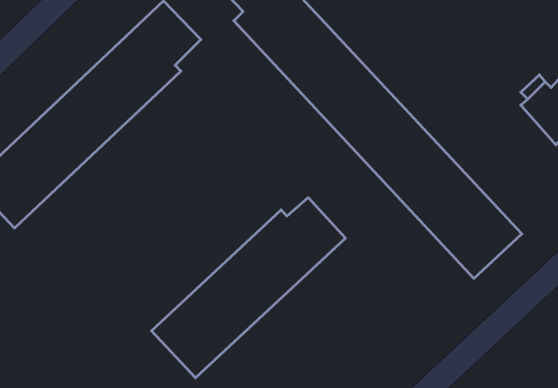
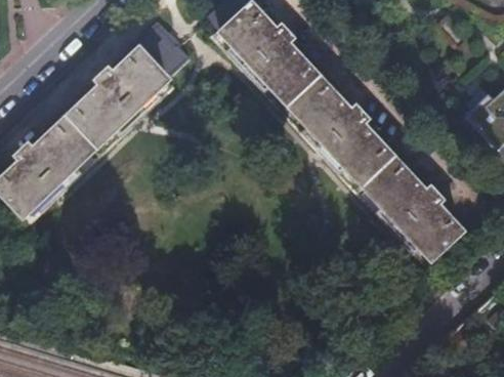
building: [151,198,345,378] -> none

